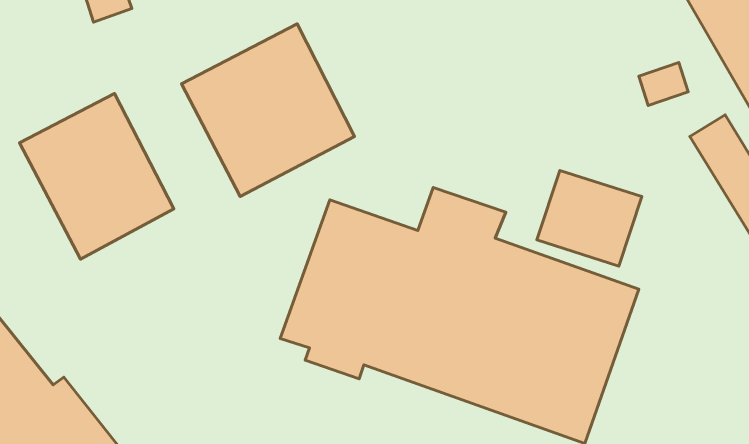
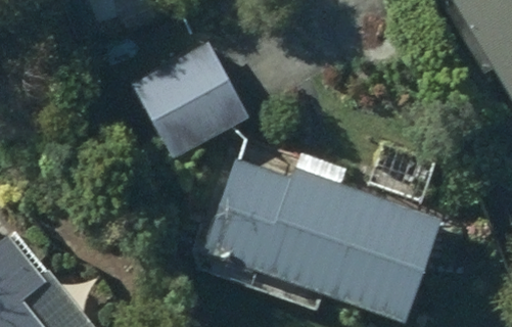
building: [20,94,174,259] -> none

